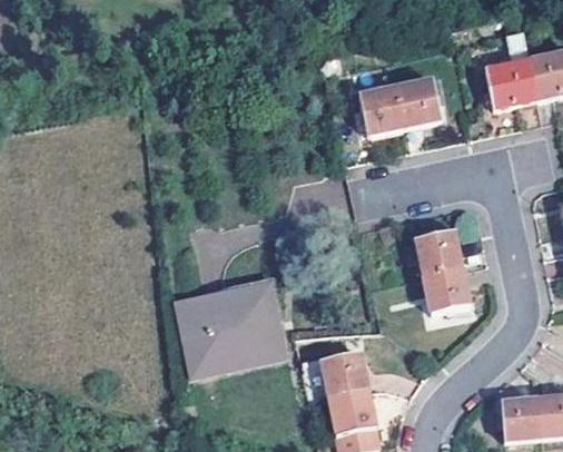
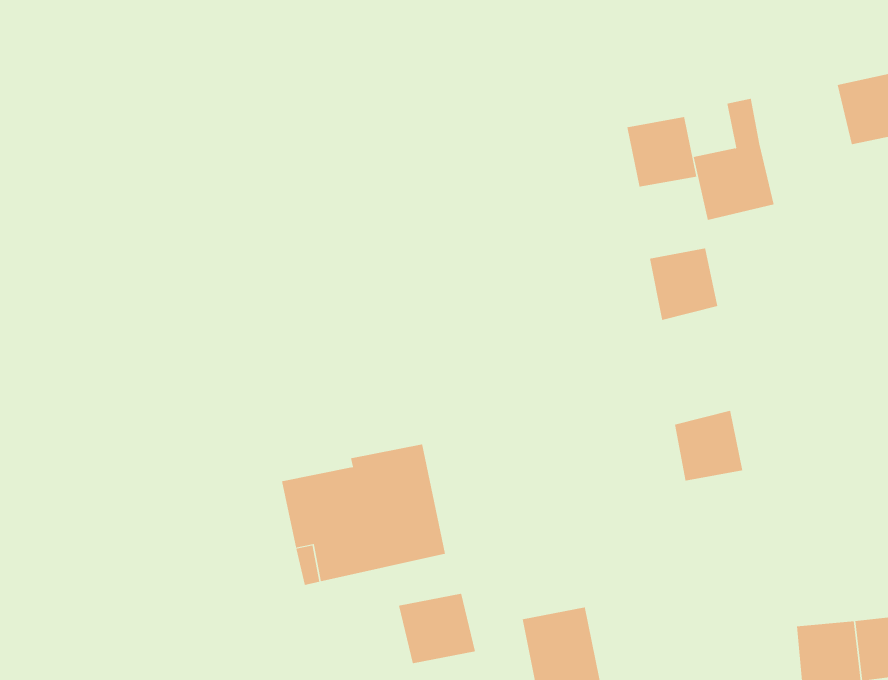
building: [485,31,536,108] -> [693,98,774,220]
building: [357,87,403,132] -> none
building: [417,228,461,274] -> [649,248,718,320]
building: [320,352,369,396] -> [398,593,476,664]

